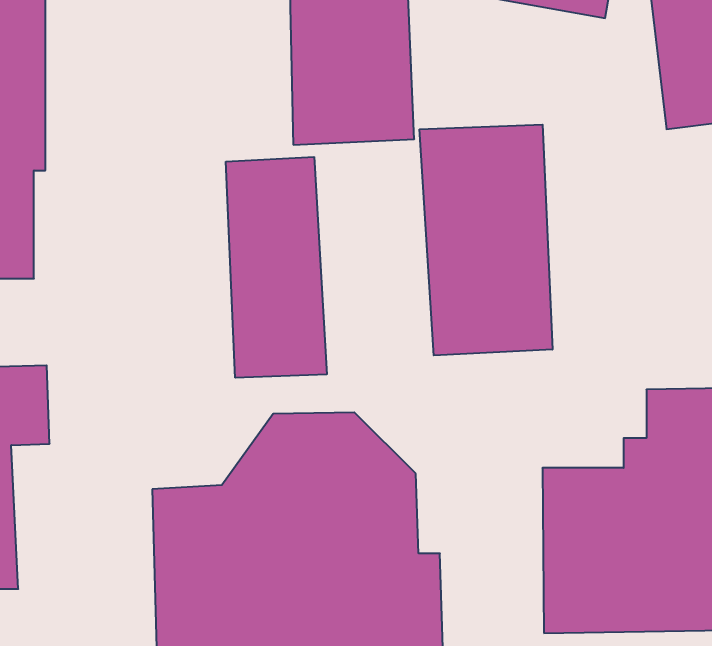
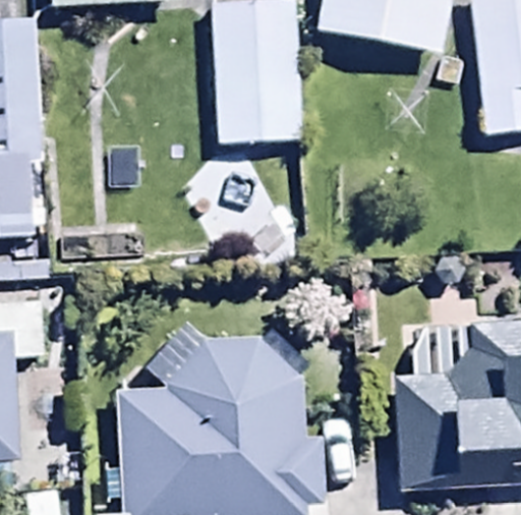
building: [420,125,552,355] -> none
building: [226,157,327,378] -> none

